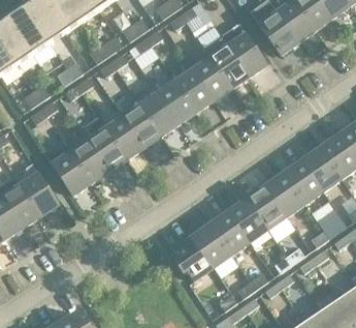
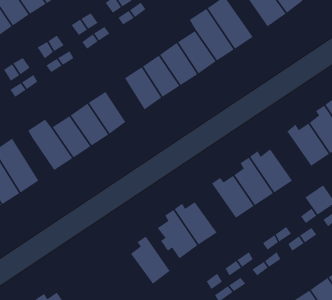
building: [124,105,161,147] -> none
building: [284,156,323,204] -> none
building: [211,207,250,255] -> [130,236,171,285]

